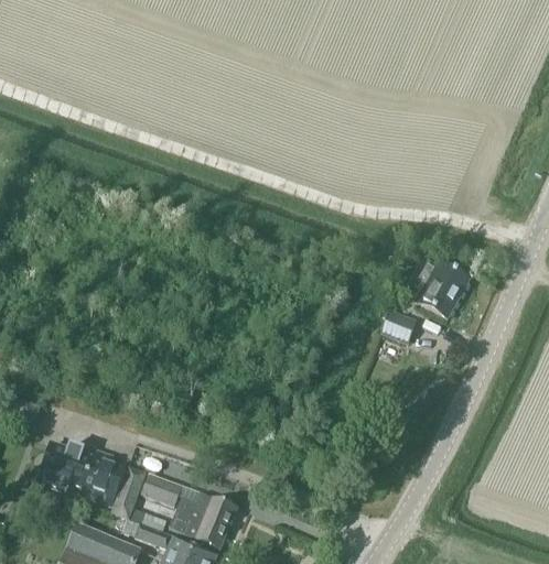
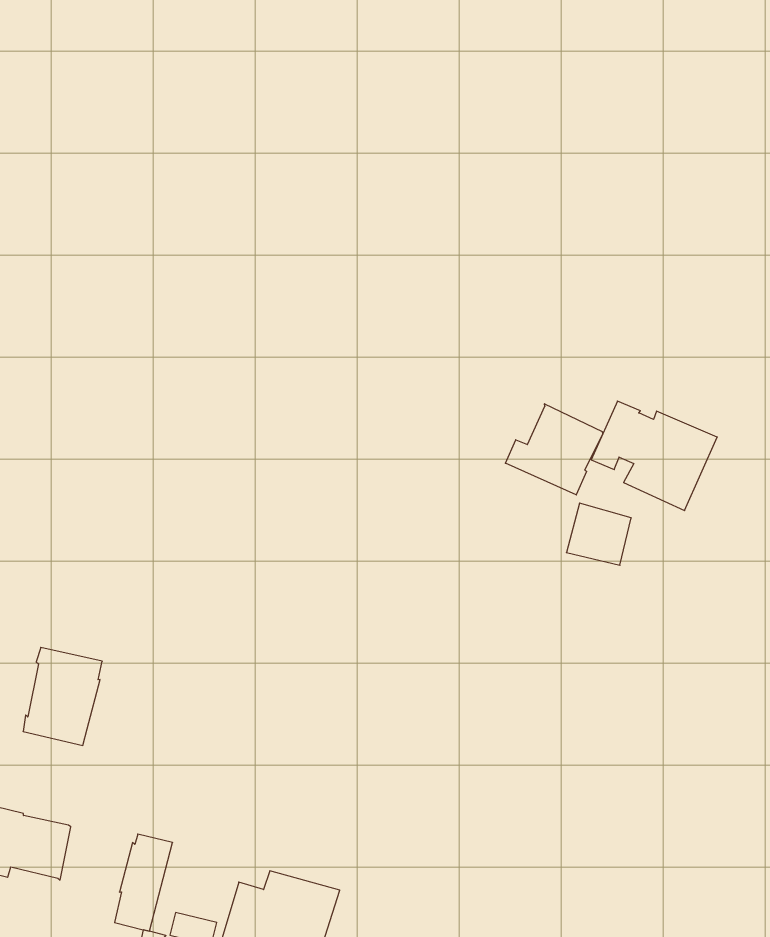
building: none -> [505,404,603,495]
building: [80,449,128,506] -> [23,647,102,745]
building: [141,474,182,507] -> none

